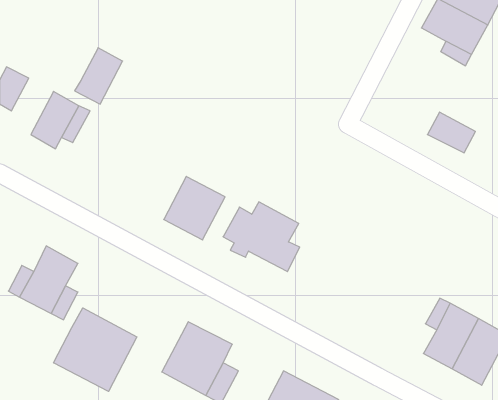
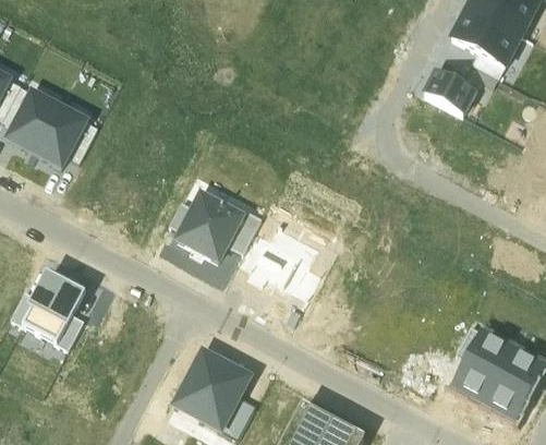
building: [75,48,123,104] -> [8,91,59,151]
building: [427,112,475,153] -> [424,70,475,113]
building: [54,308,137,391] -> none

